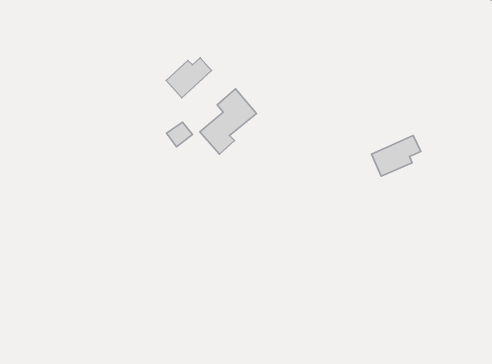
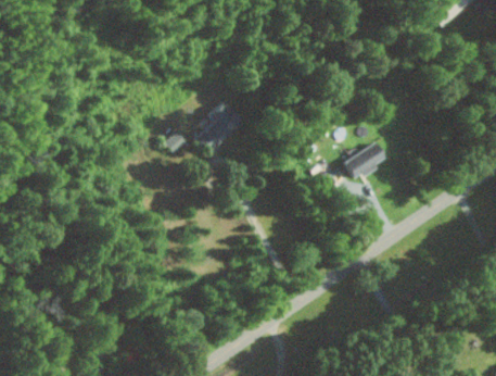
building: [166,58,212,98] -> none

